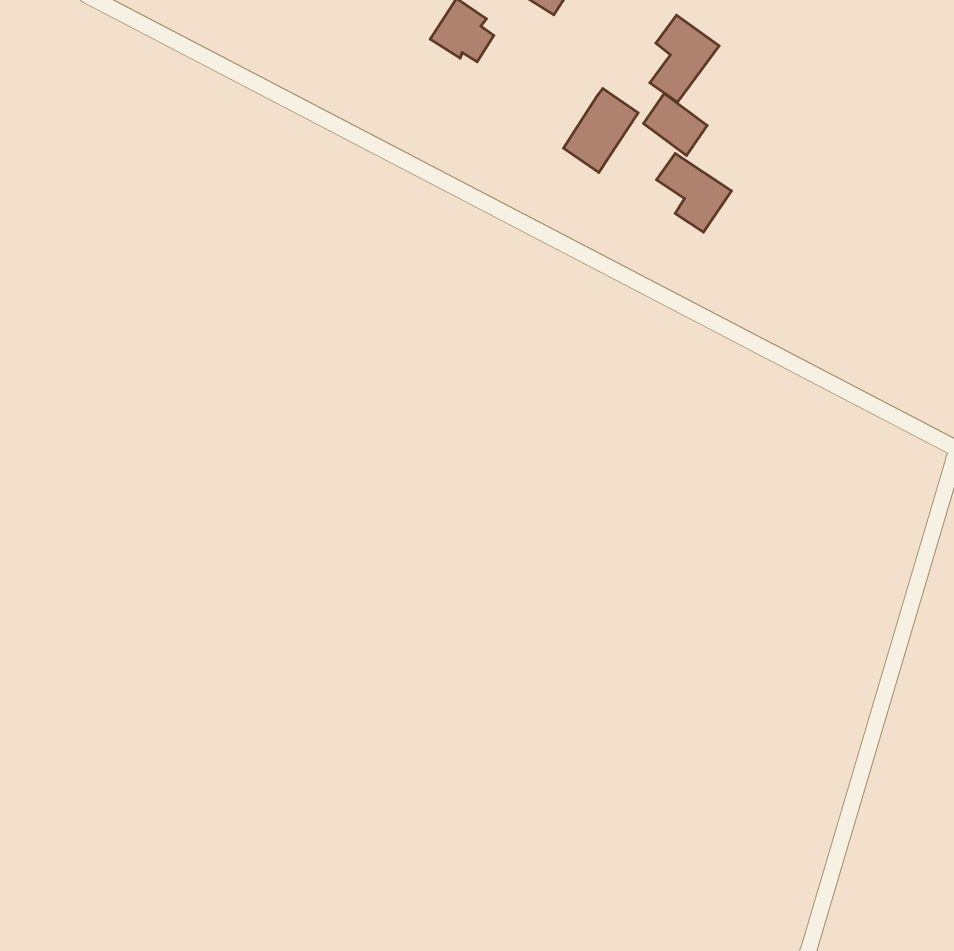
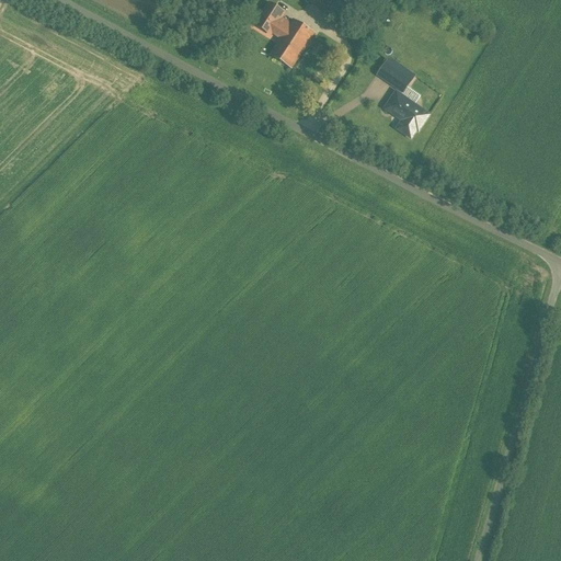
building: [650,15,719,102] -> none
building: [563,88,638,173] -> [270,16,313,66]

